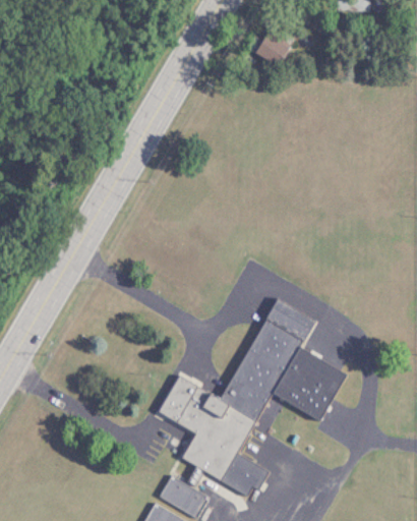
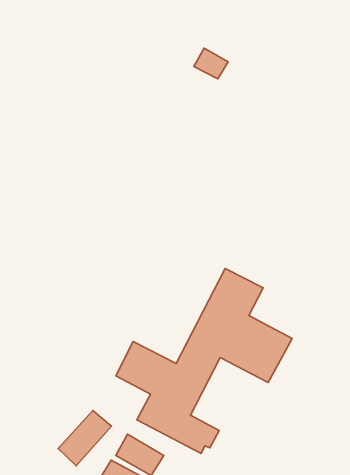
building: [253,35,290,67] -> [194,48,228,79]
building: none -> [58,411,112,466]

